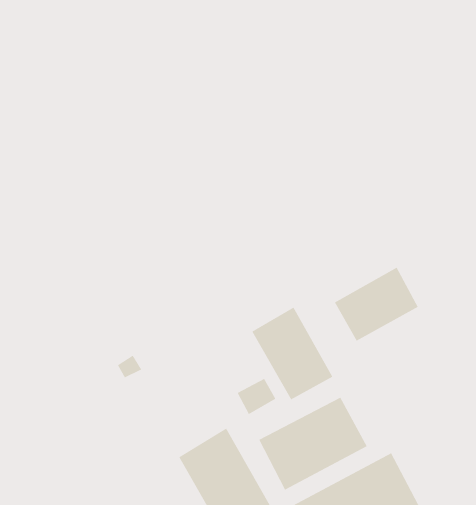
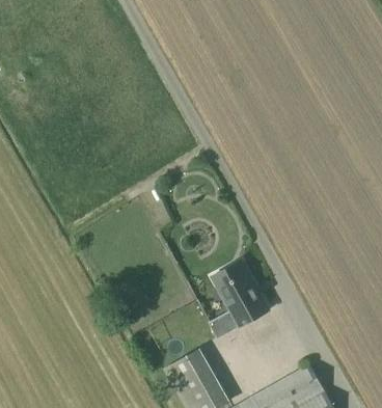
building: [334,267,419,341] -> none
building: [259,397,367,491] -> none

